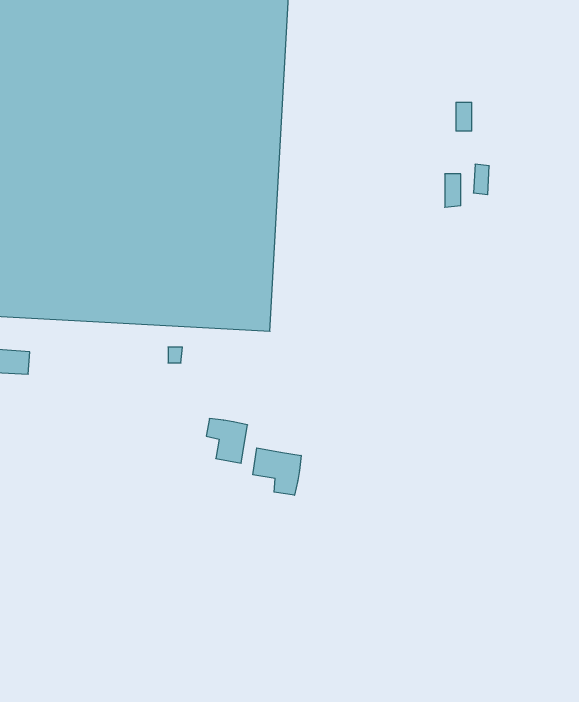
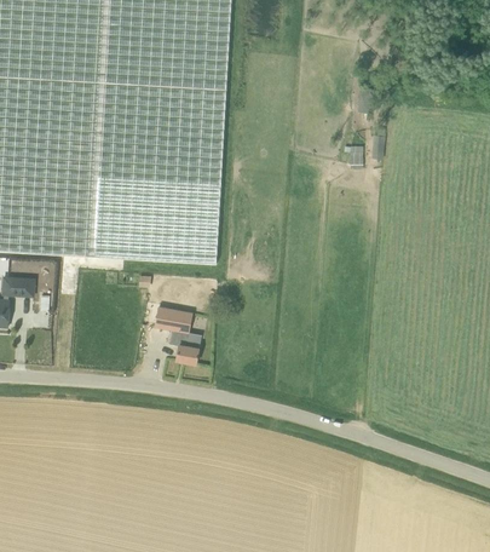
building: none -> [154,305,185,329]
building: [253,448,301,495] -> none

